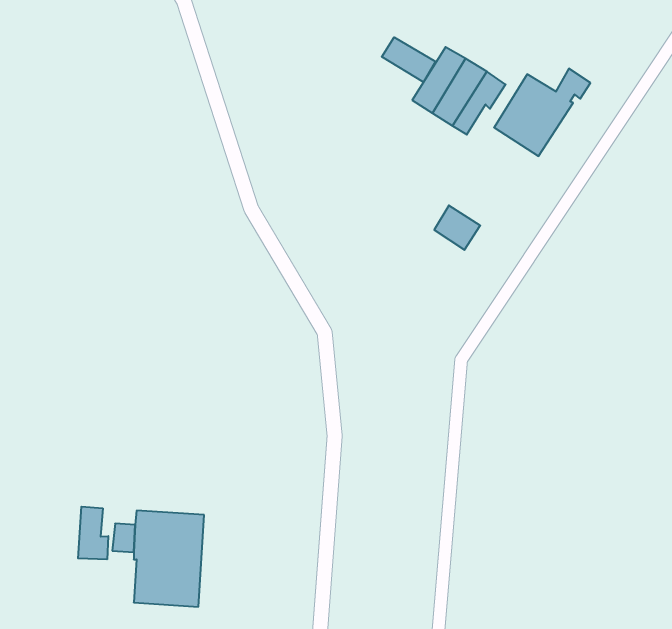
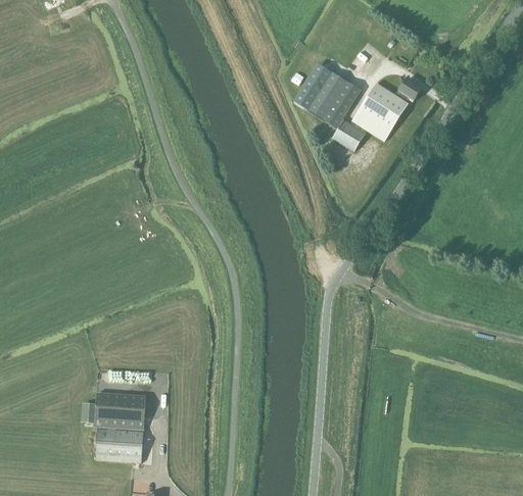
building: [382,37,435,82] -> none
building: [434,205,480,250] -> [333,118,366,150]
building: [78,507,108,559] -> none

